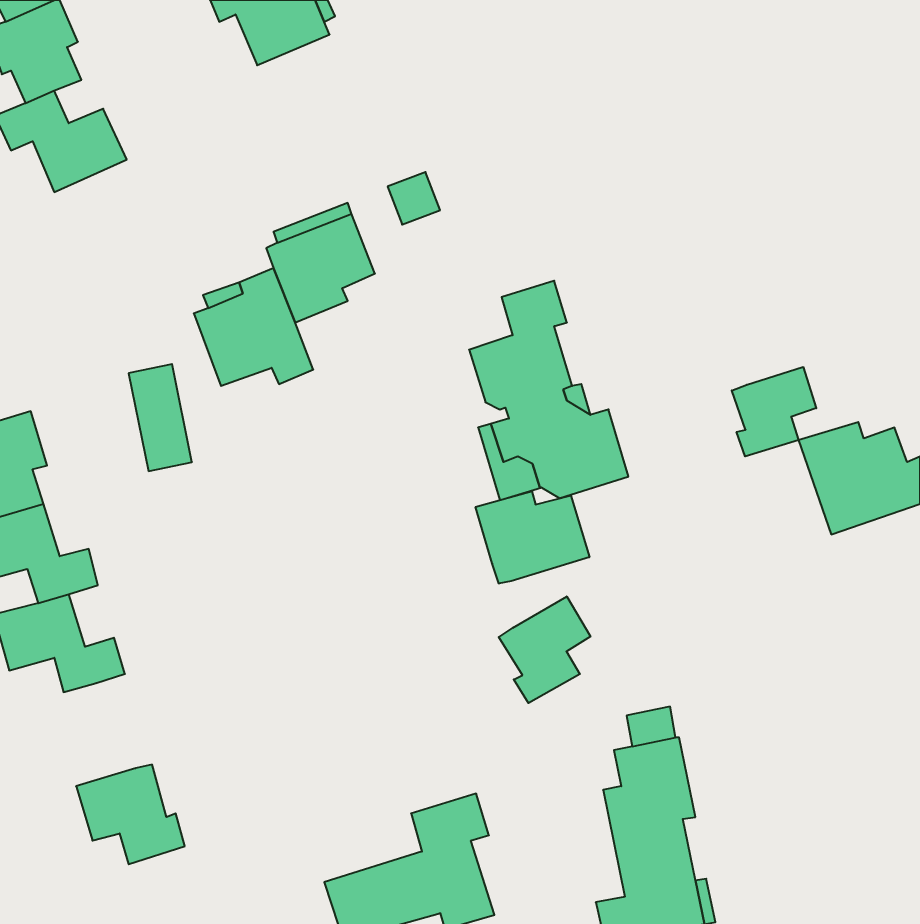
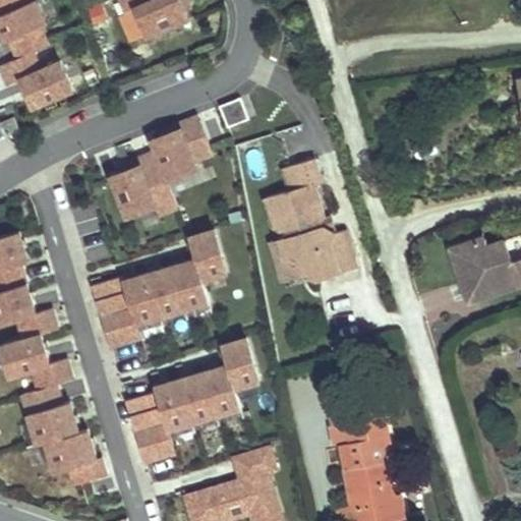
building: [732,367,816,456] -> none
building: none -> [90,230,225,348]
building: [476,491,589,584] -> none
building: [499,596,590,703] -> none
building: none -> [124,338,257,463]
building: none -> [19,385,76,445]

